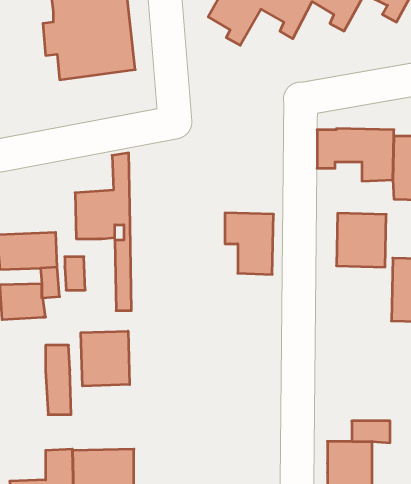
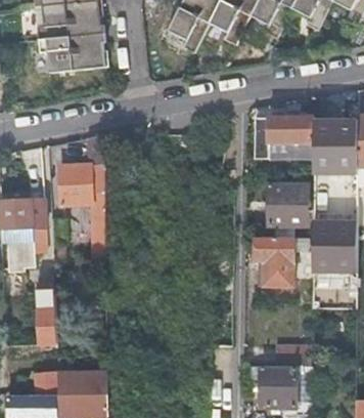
building: [225,213,274,274] -> [256,236,294,285]
building: [81,331,130,386] -> none

